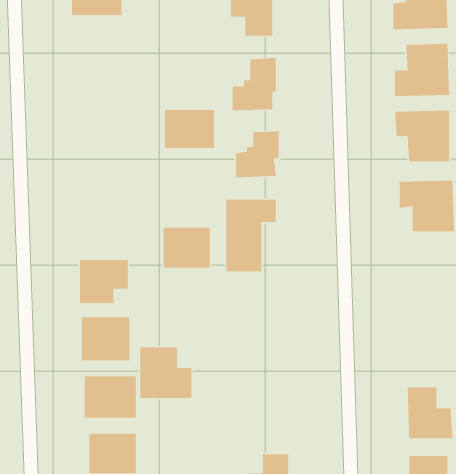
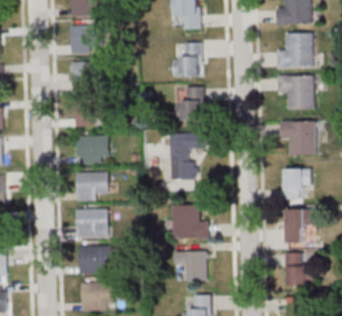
building: none -> [70,25,96,53]
building: [164,109,215,149] -> [70,61,103,87]
building: none -> [74,100,103,125]
building: [163,227,210,268] -> [77,136,107,162]
building: none -> [283,168,311,199]
building: none -> [285,209,312,243]
building: [140,346,192,399] -> [174,205,207,239]
building: none -> [175,252,207,280]

